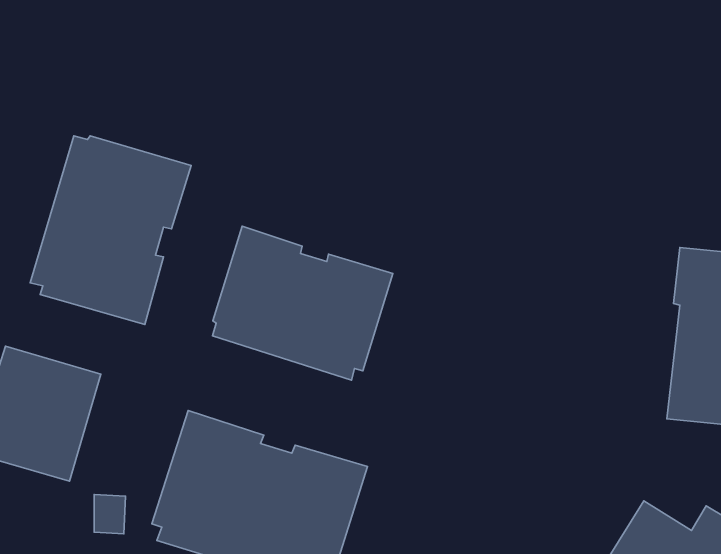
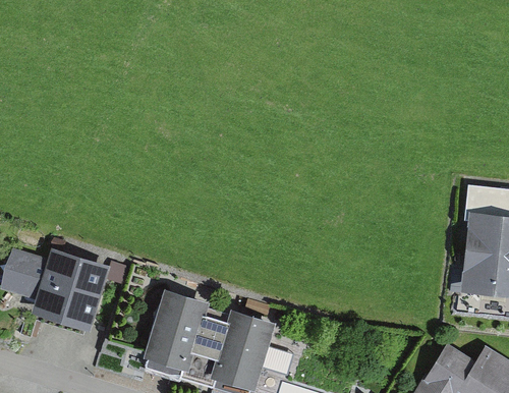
building: [30,136,191,324] -> none
building: [212,226,393,380] -> none

